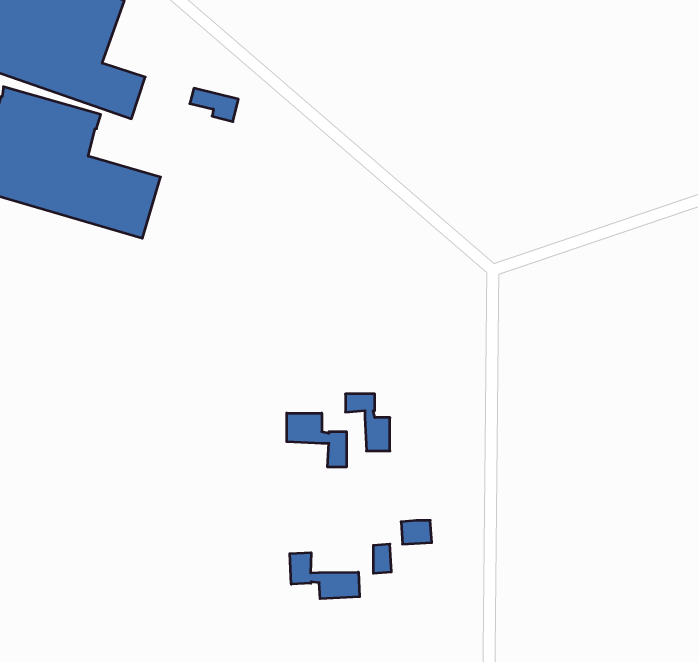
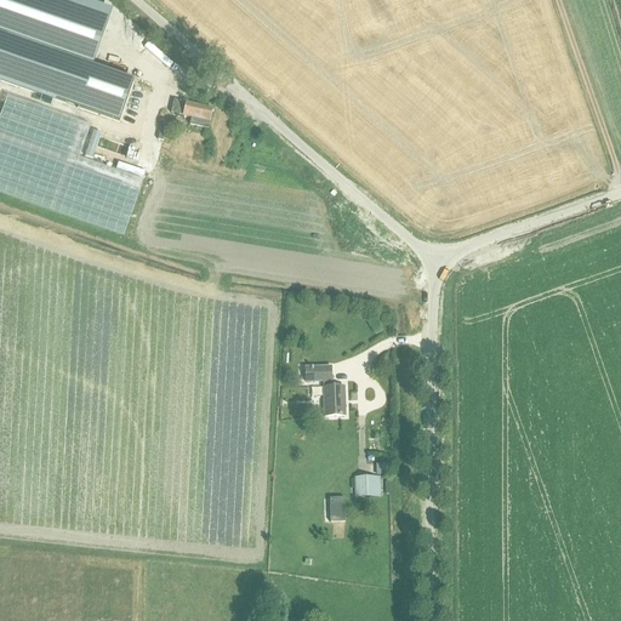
building: [287,413,346,467] -> none
building: [290,553,360,599] -> none

